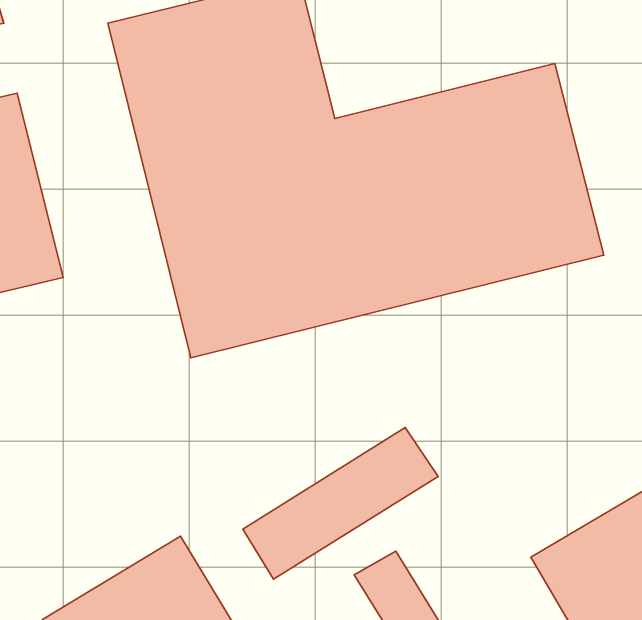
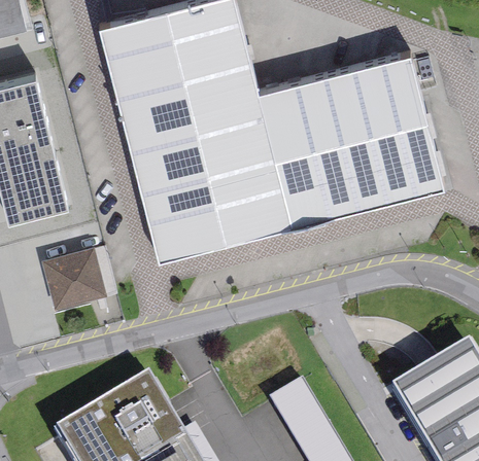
building: none -> [43,247,107,309]
building: [243,428,438,579] -> none

